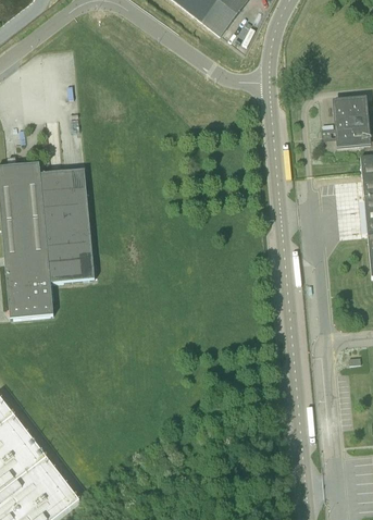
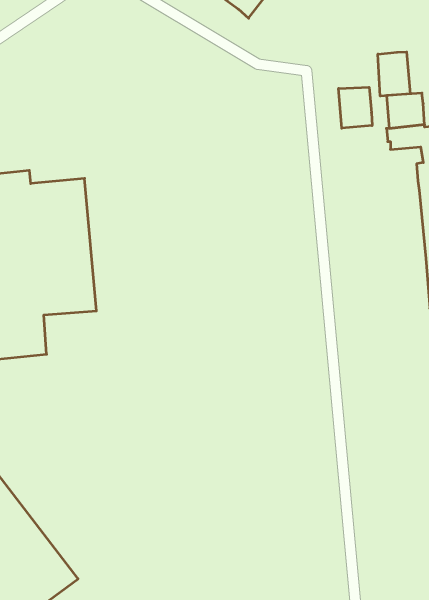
building: none -> [378,52,410,96]
building: none -> [339,87,372,128]

